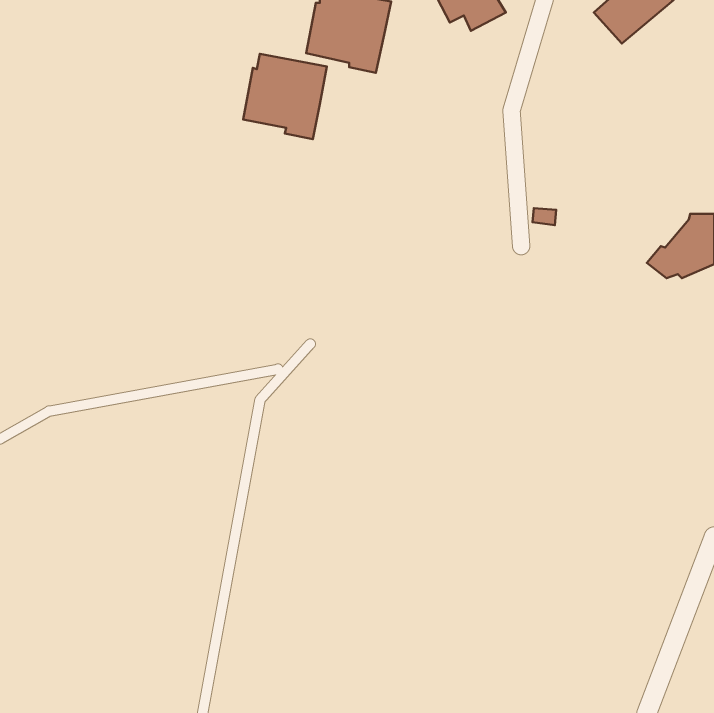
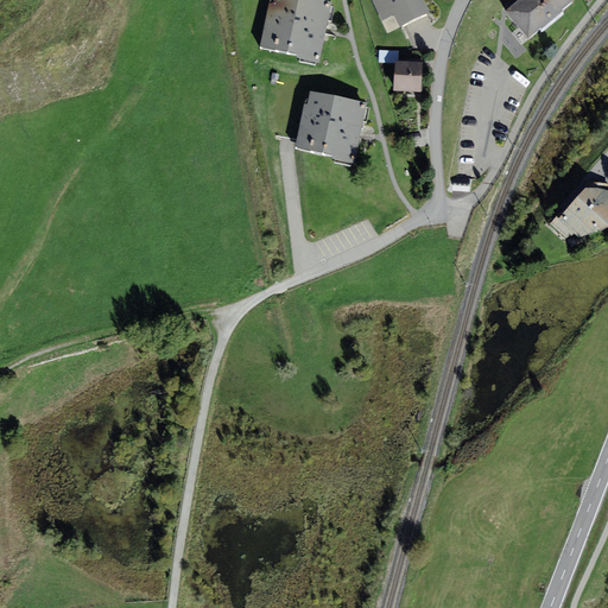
building: [243,54,327,139] -> [296,90,367,163]
building: none -> [393,59,423,91]

